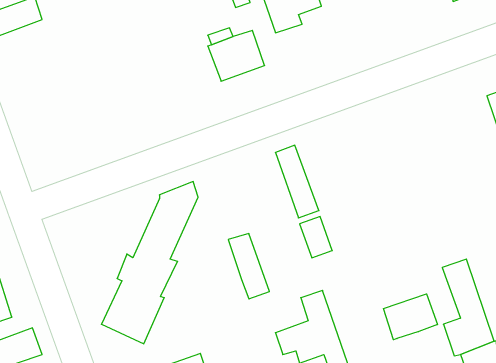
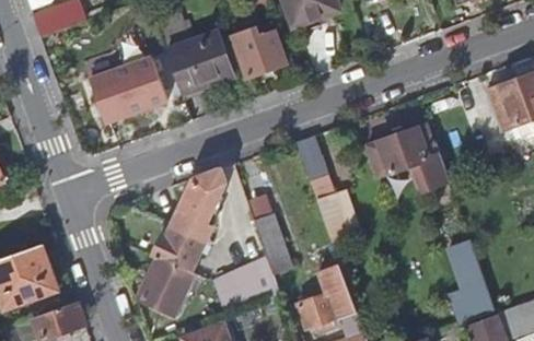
building: none -> [166,32,232,94]
building: none -> [91,58,169,122]
building: none -> [367,124,449,189]
building: none -> [213,256,278,310]
building: [383,294,437,340] -> none

